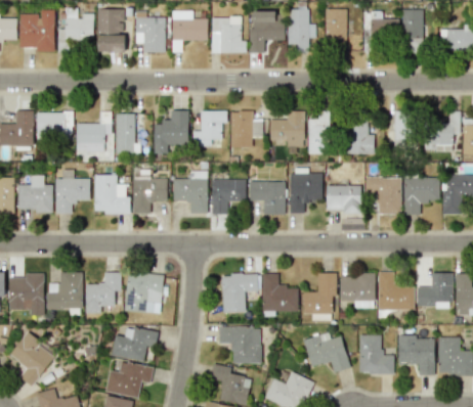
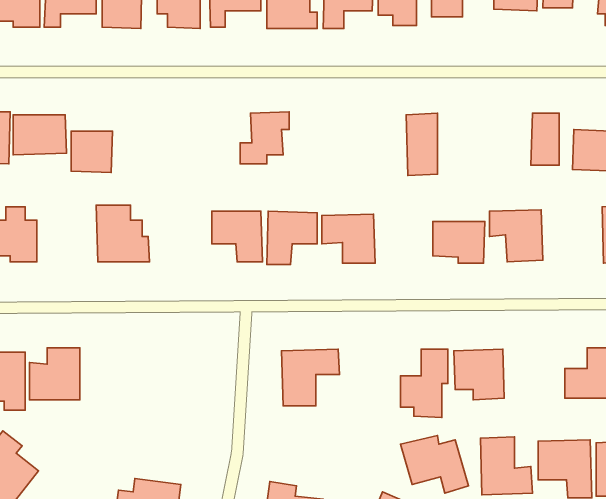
building: [154,109,188,152] -> none
building: [229,110,262,147] -> none
building: [269,110,304,153] -> none
building: [115,112,134,151] -> none
building: [345,123,375,153] -> none
building: [55,169,90,213] -> none
building: [289,172,322,213] -> none
building: [403,176,439,215] -> none
building: [132,178,167,213] -> none
building: [378,271,414,310] -> none
building: [85,272,121,313] -> none
building: [125,272,163,313] -> none
building: [261,273,298,311] -> none
building: [112,324,158,360] -> none
building: [218,325,261,363] -> none

